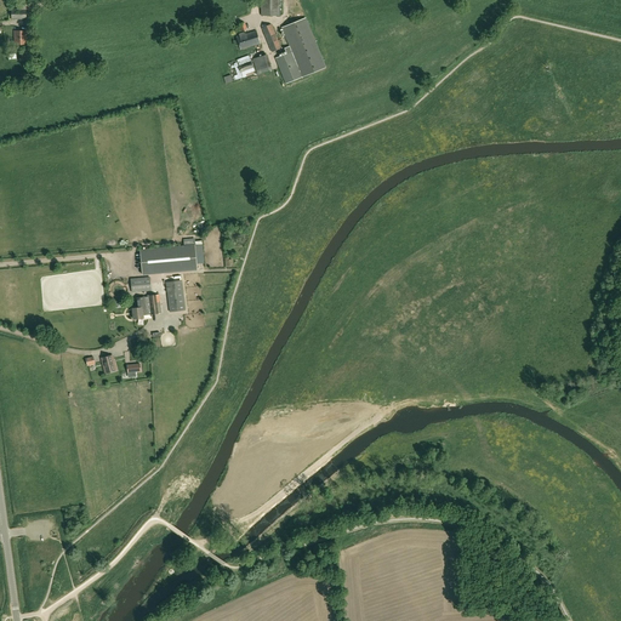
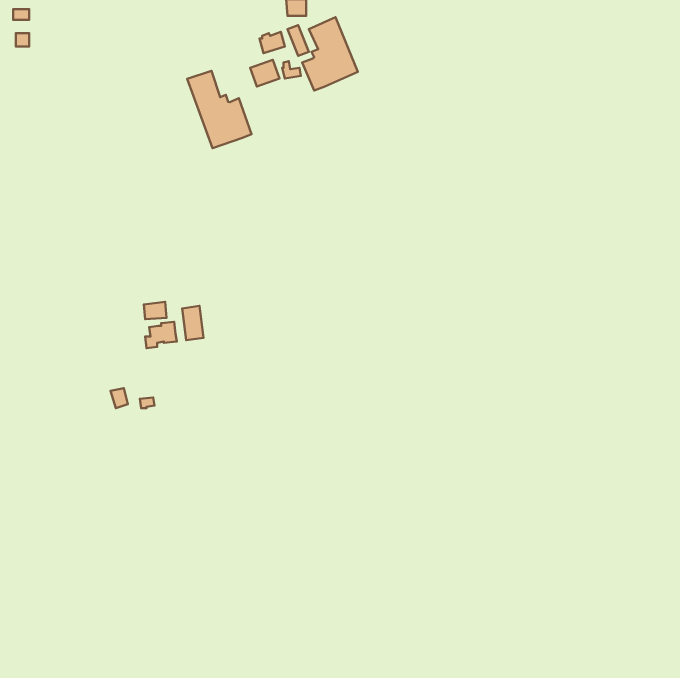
building: none -> [187,71,252,148]
building: [141,244,196,274] -> none

